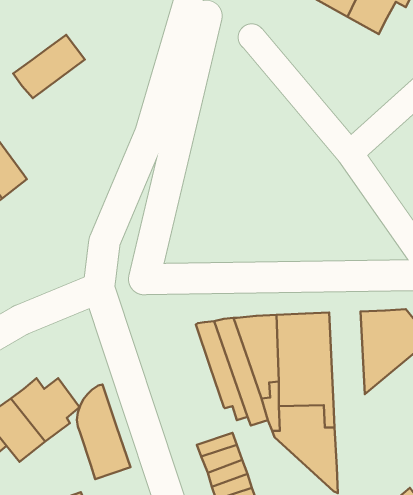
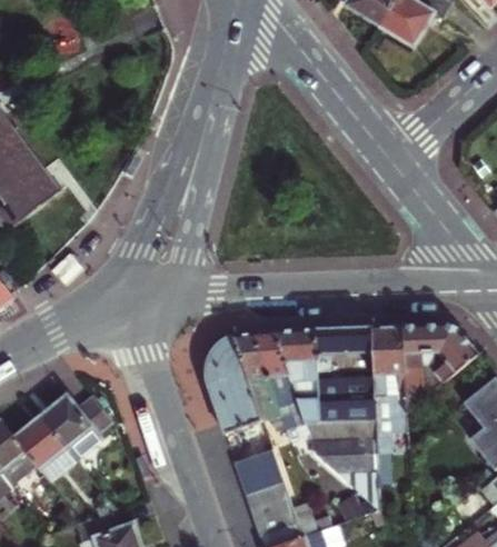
building: [13,35,85,98] -> none
building: none -> [369,324,407,485]
building: [77,384,131,479] -> [205,337,260,435]

